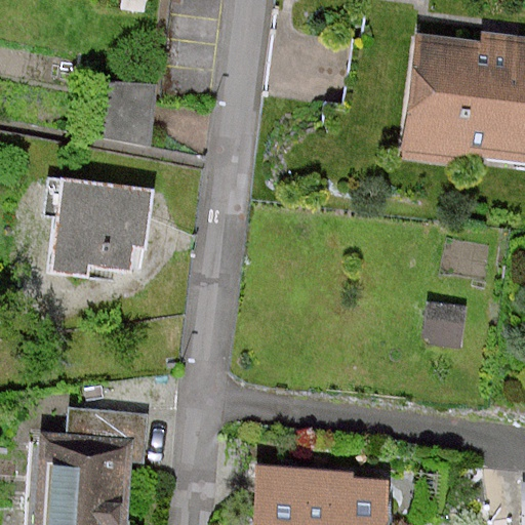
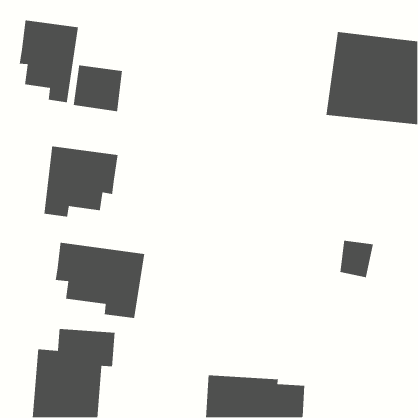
building: none -> [19,19,79,103]
building: none -> [55,242,145,319]

